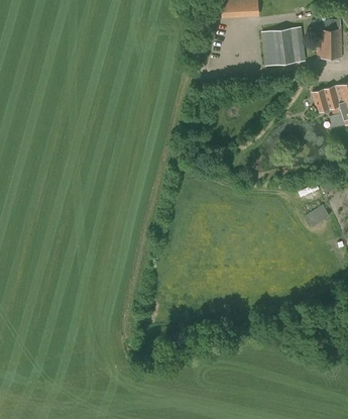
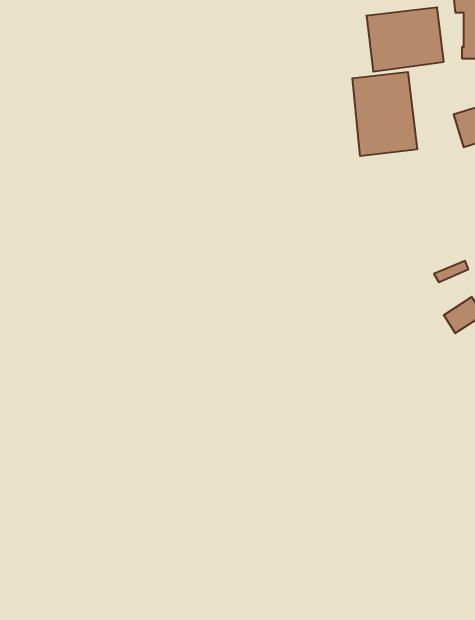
building: none -> [352,72,417,156]

